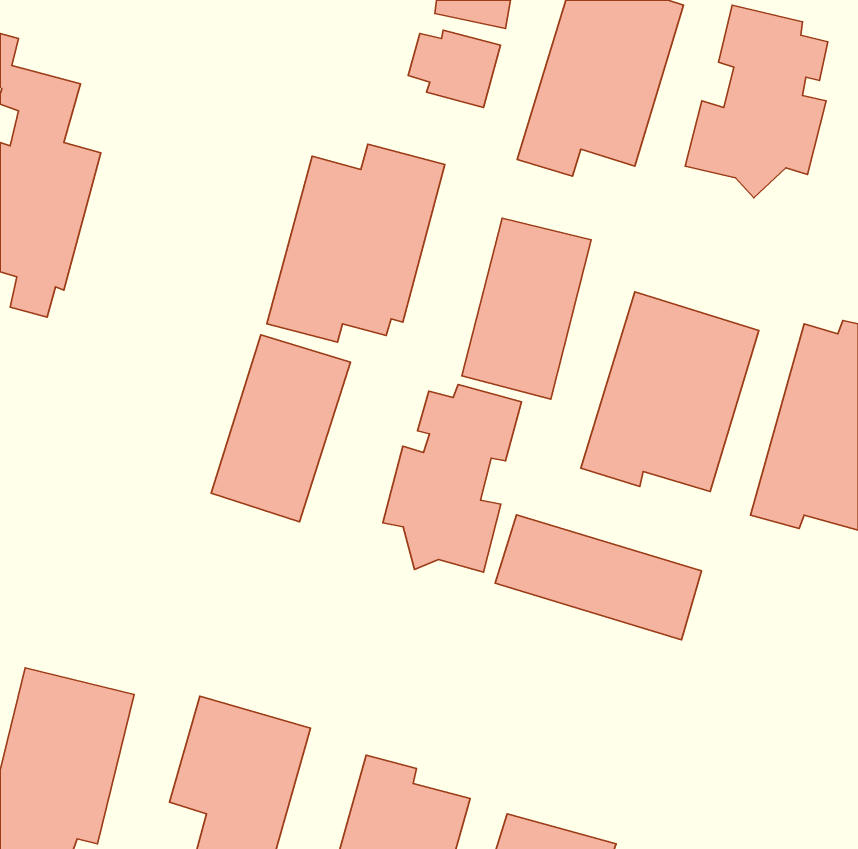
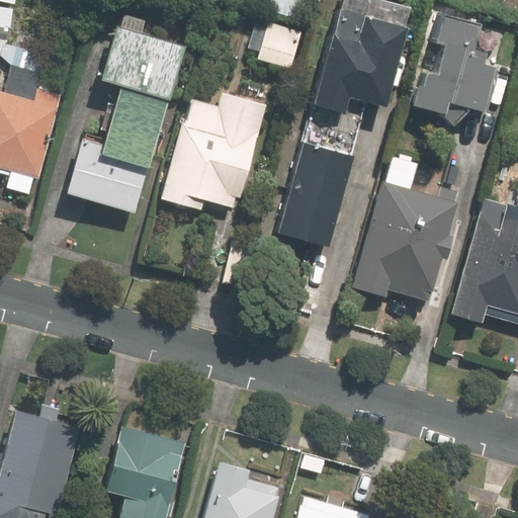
building: none -> [67,11,187,214]
building: [211,335,350,522] -> none
building: [383,384,522,572] -> none
building: [495,515,701,640] -> none

